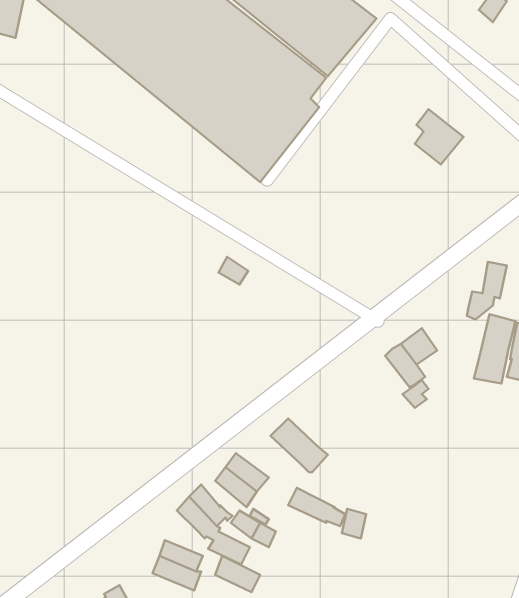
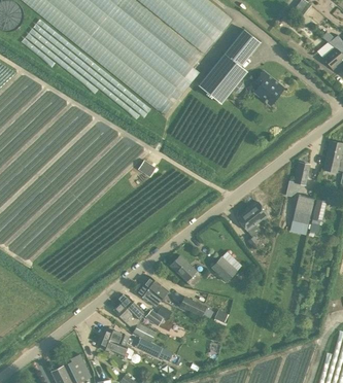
building: none -> [198,29,260,104]
building: none -> [211,251,242,282]

